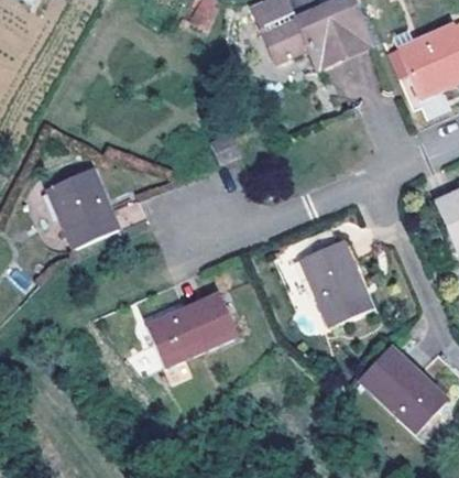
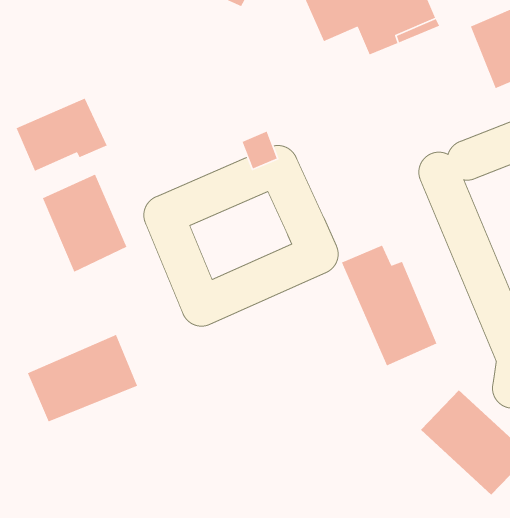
building: none -> [15,97,108,172]
building: [145,292,237,365] -> [27,334,138,422]

